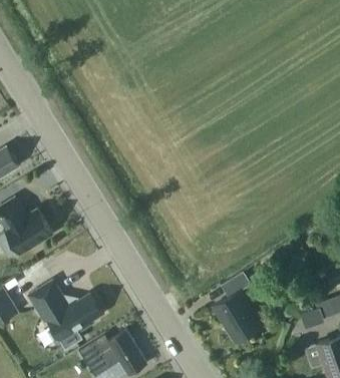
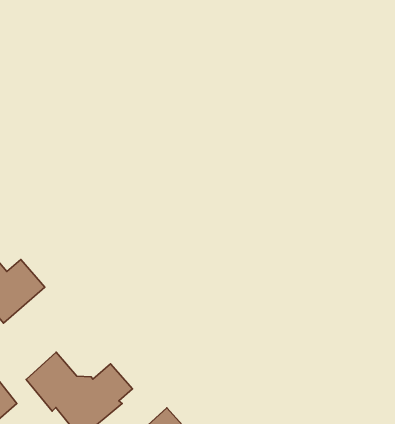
building: [213,272,260,342] -> none

